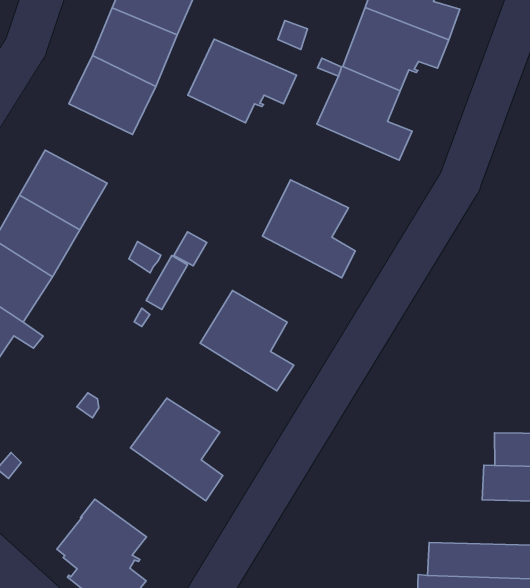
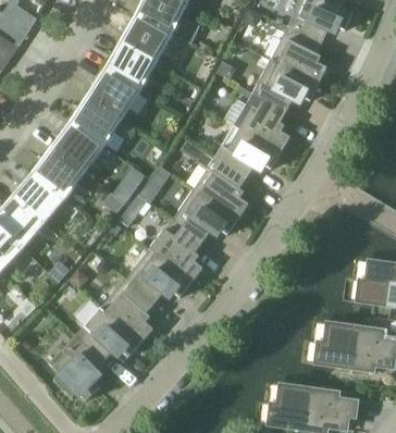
building: [188,39,297,123] -> [214,124,281,176]
building: none -> [70,95,123,145]
building: none -> [172,187,238,240]
building: none -> [125,247,191,301]
building: none -> [75,305,141,360]

